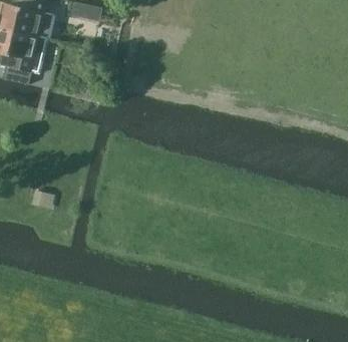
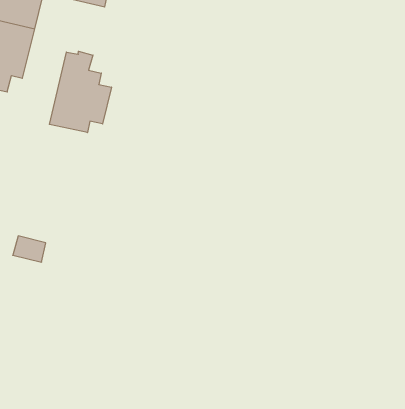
building: none -> [49,51,111,133]

